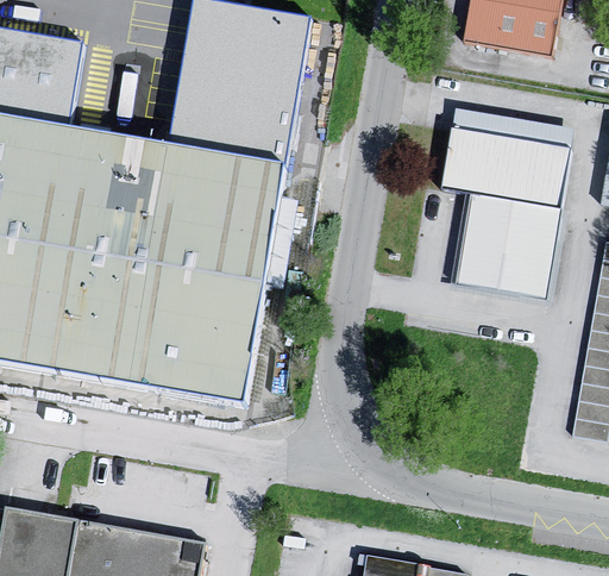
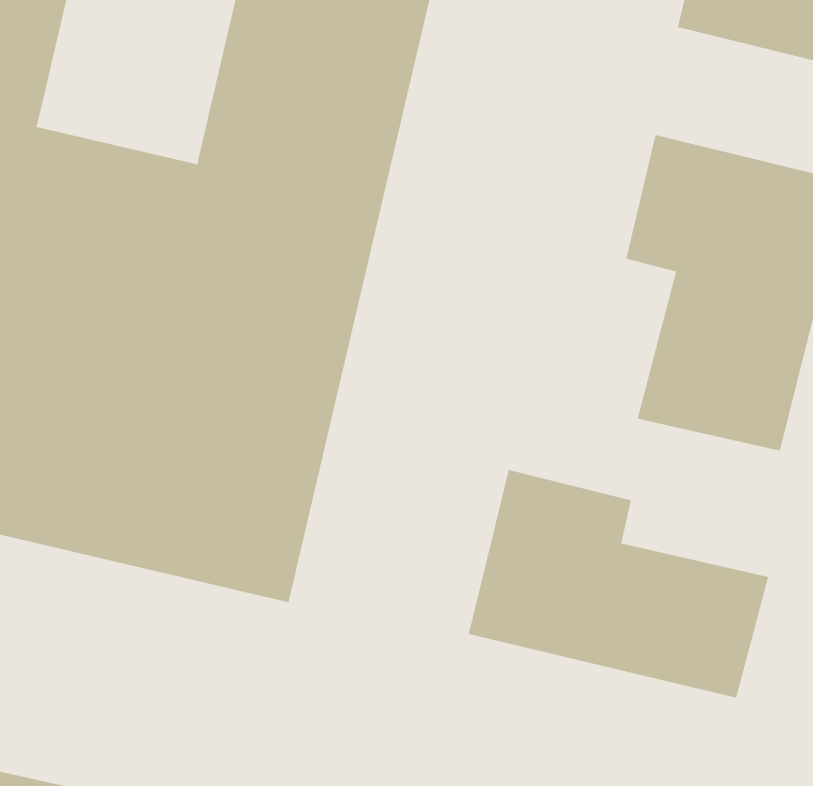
building: none -> [468,469,769,698]

